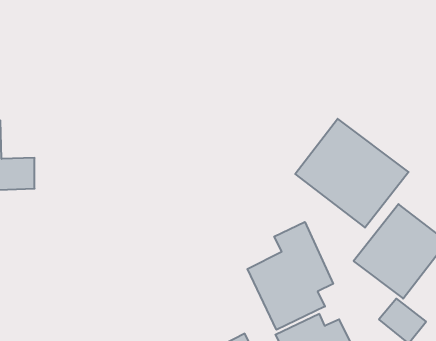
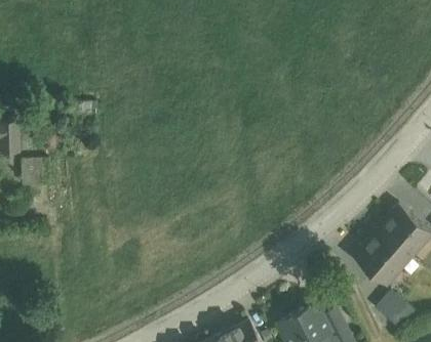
building: [295,119,409,228] -> none
building: [247,222,333,330] -> none

